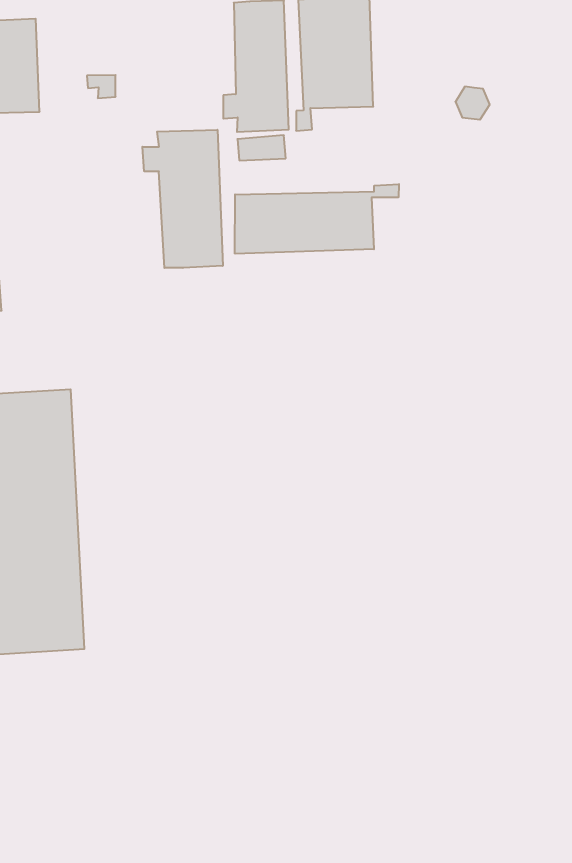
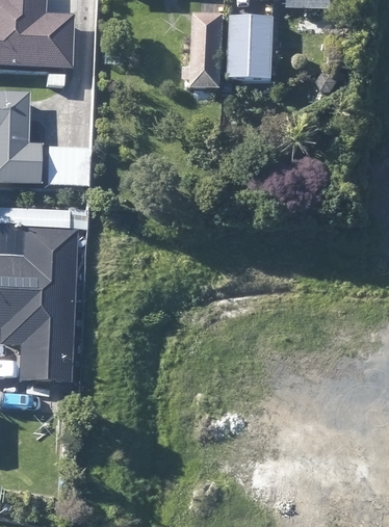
building: [142,130,223,268] -> none
building: [235,184,399,254] -> none

